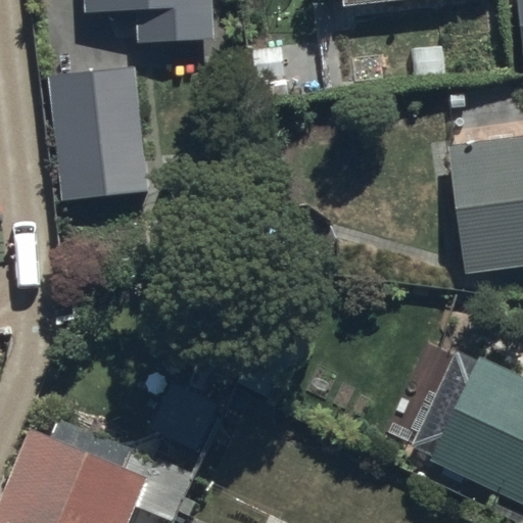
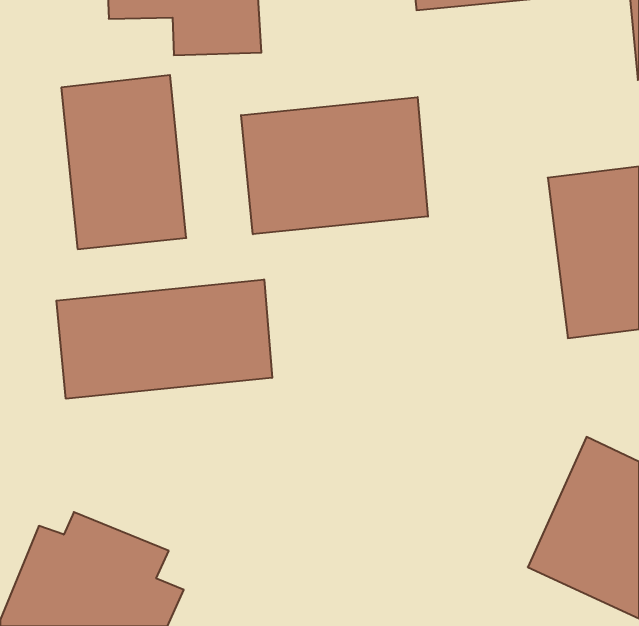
building: none -> [241,97,428,234]
building: none -> [56,279,272,399]

